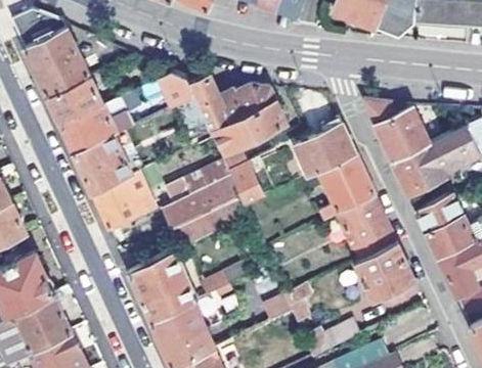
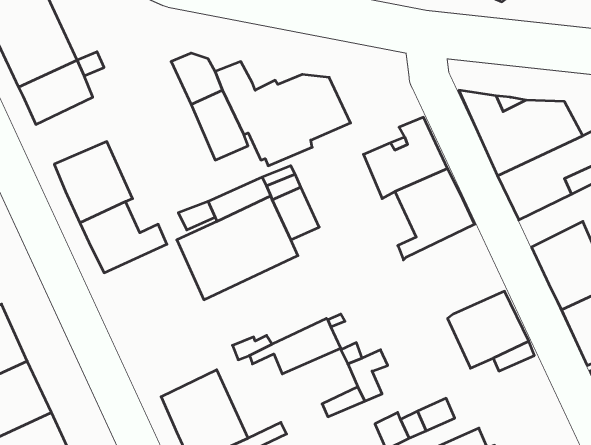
building: [59,98,130,152] -> none
building: [325,195,396,260] -> none
building: [129,251,195,319] -> none

